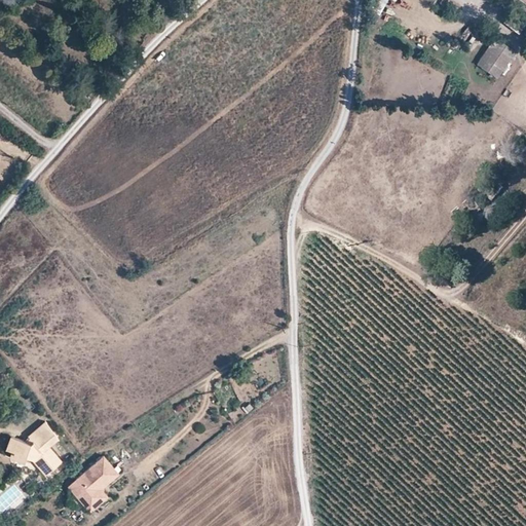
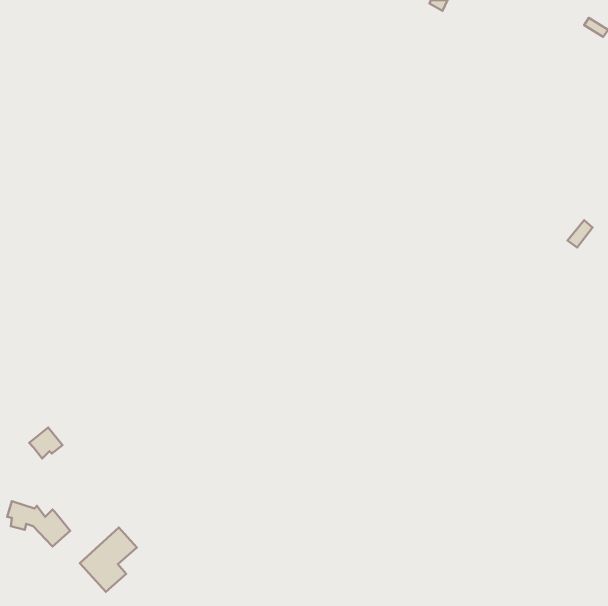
building: [477,40,514,79] -> none
building: [28,421,57,448] -> [29,427,63,458]

